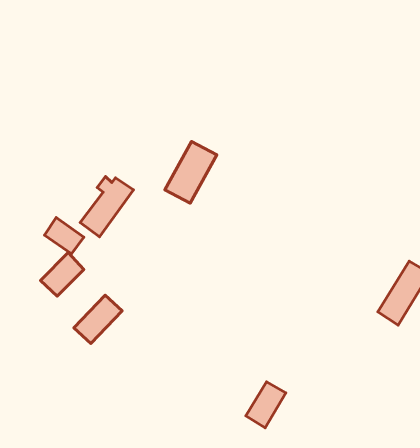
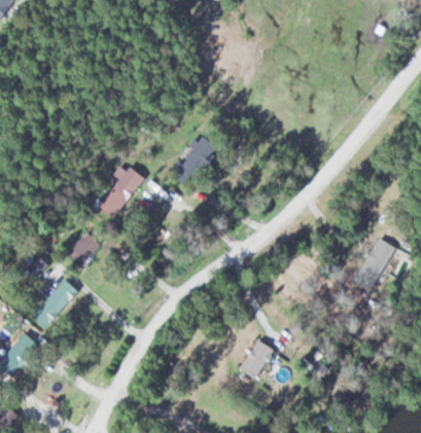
building: [44,218,84,254] -> none
building: [74,295,122,344] -> [38,279,79,320]

